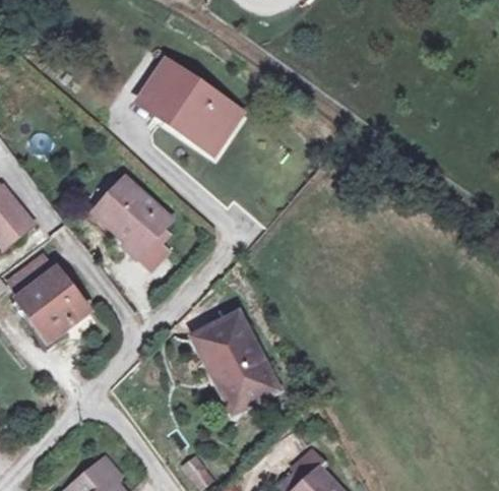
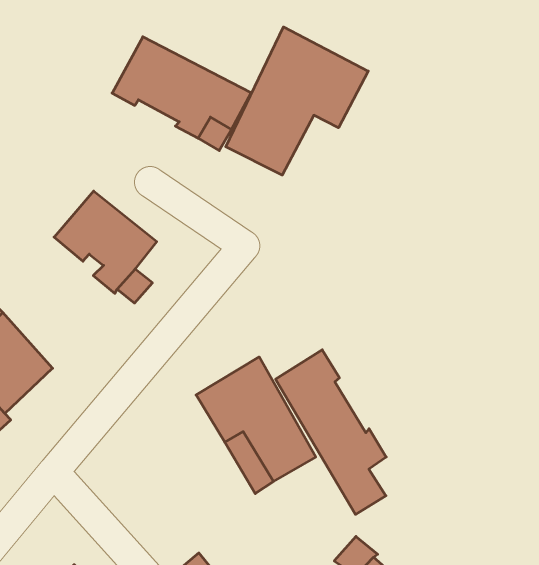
building: none -> [226,27,368,175]
building: none -> [276,350,386,514]

